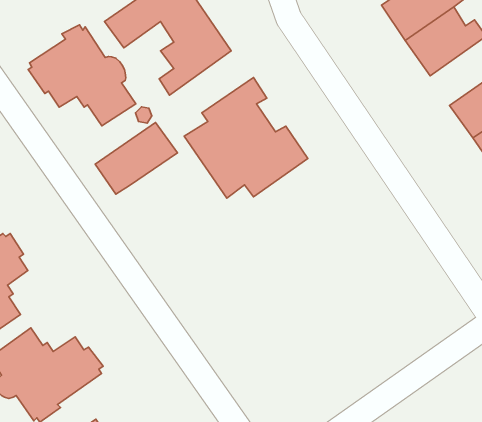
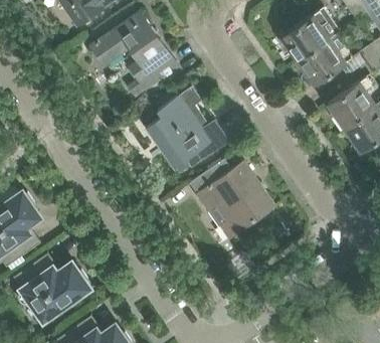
building: [28,25,136,126] -> none
building: [95,122,177,194] -> none
building: none -> [191,161,275,238]

